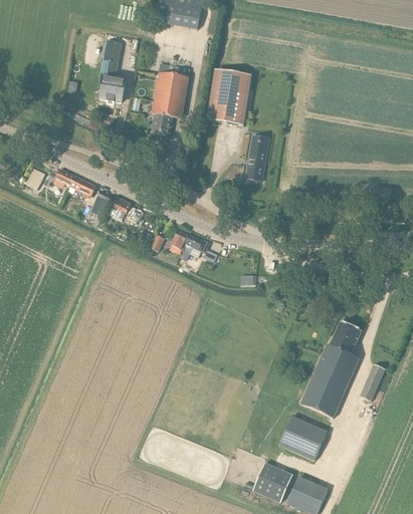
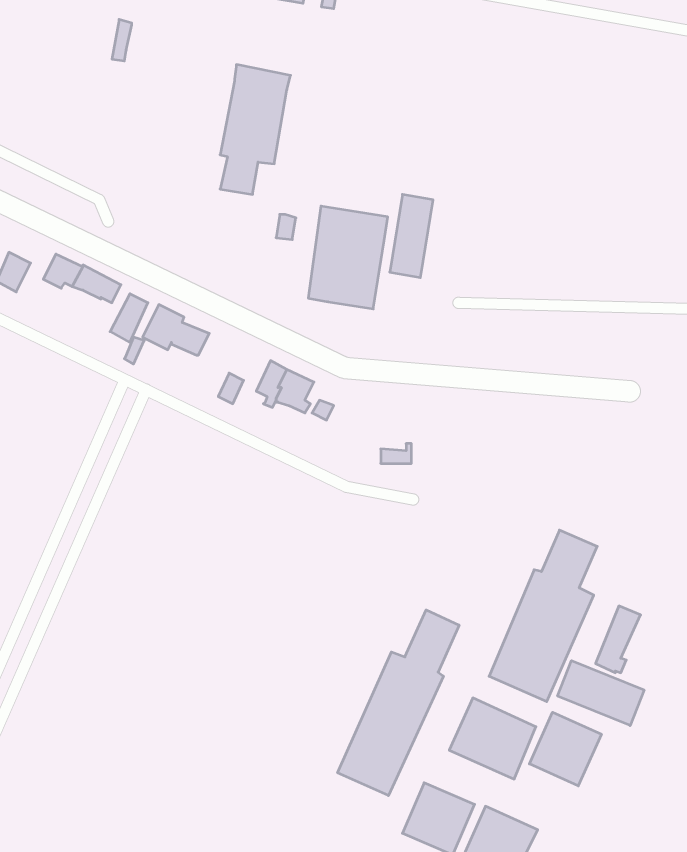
building: [98,39,125,101] -> none
building: [207,68,251,125] -> [308,206,388,309]
building: none -> [338,610,459,796]
building: none -> [558,661,644,726]
building: none -> [529,712,601,786]

